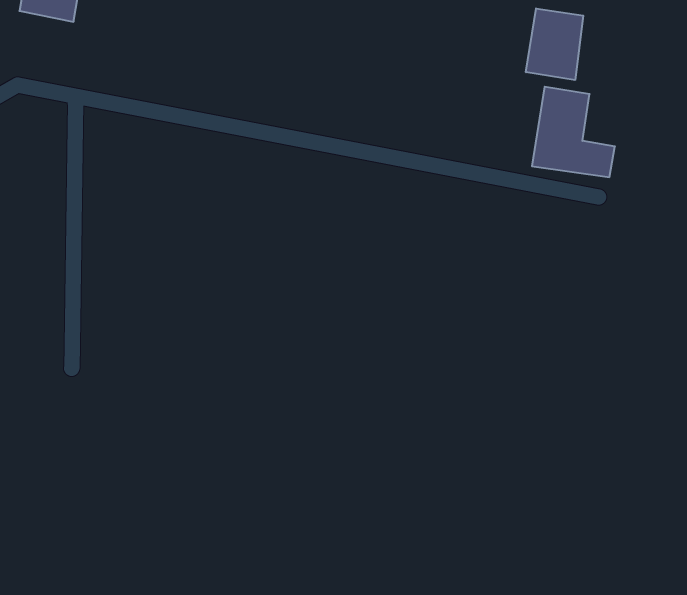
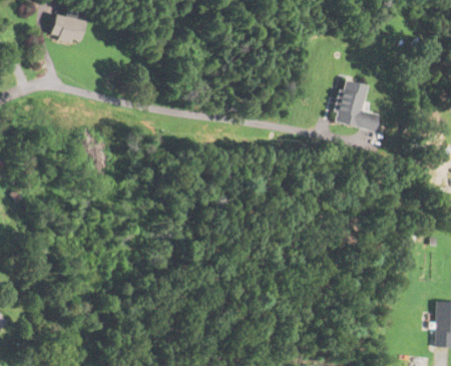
building: [526,8,583,80] -> none

